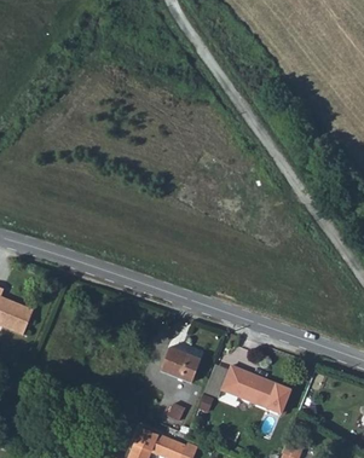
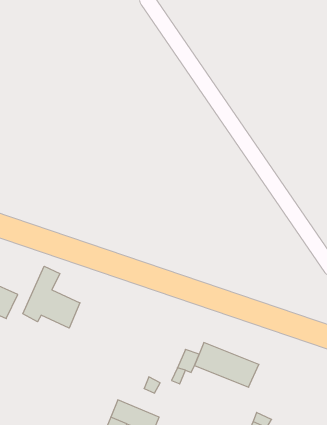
building: none -> [23,266,80,328]
building: [161,347,200,381] -> none

